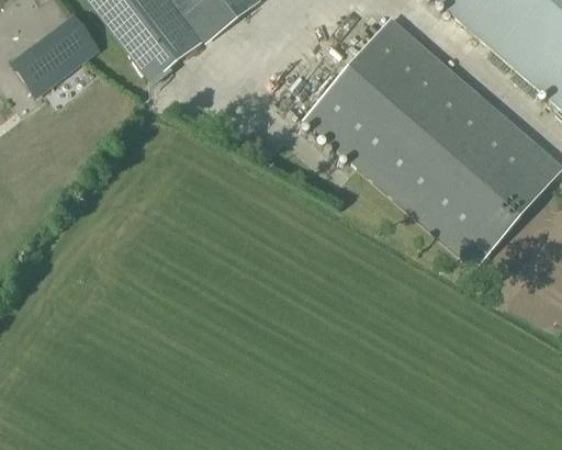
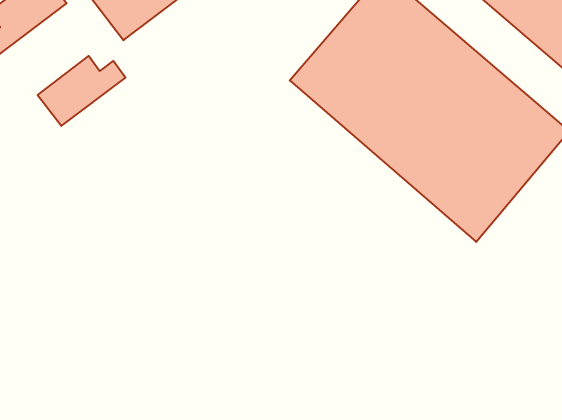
building: none -> [38,56,125,126]

